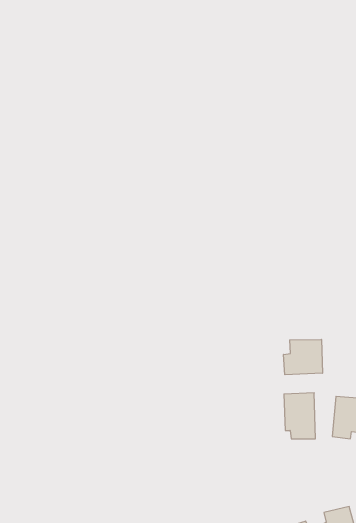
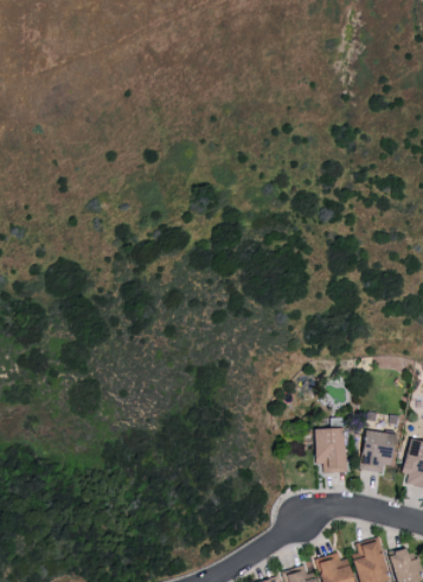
building: [284,339,322,375] -> none

